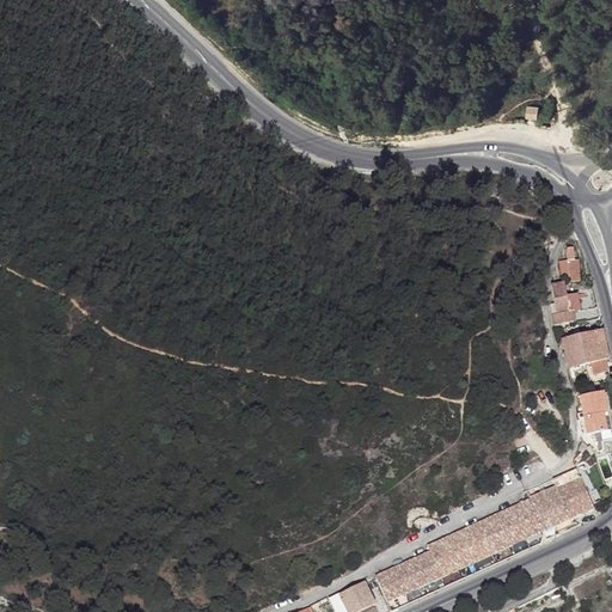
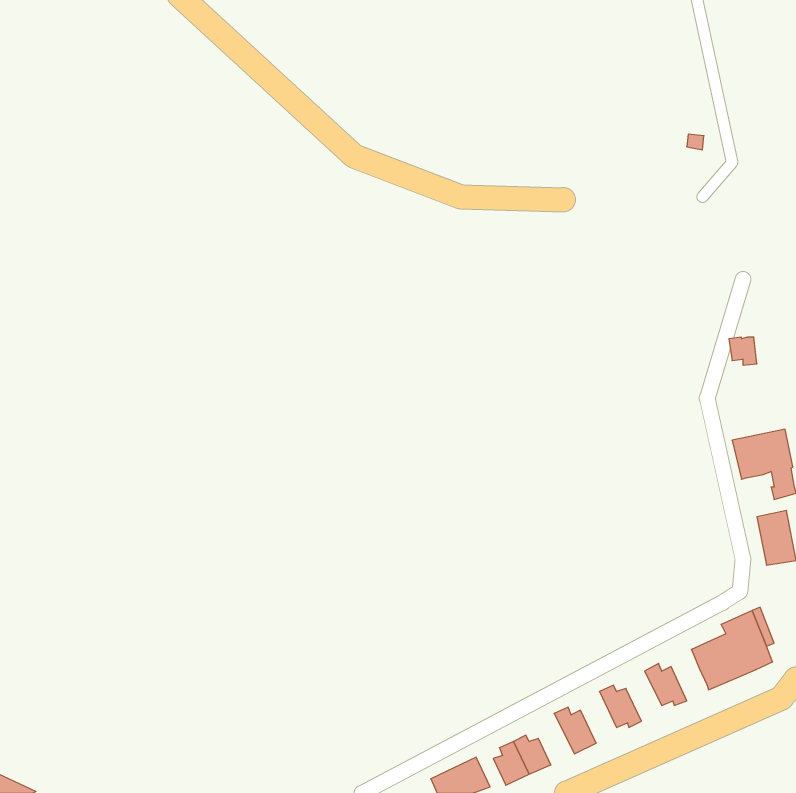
building: [550,280,579,324] -> none
building: [514,497,541,537] -> none
building: [479,514,507,552] -> none
building: [445,530,472,569] -> none
building: [412,551,440,586] -> none

